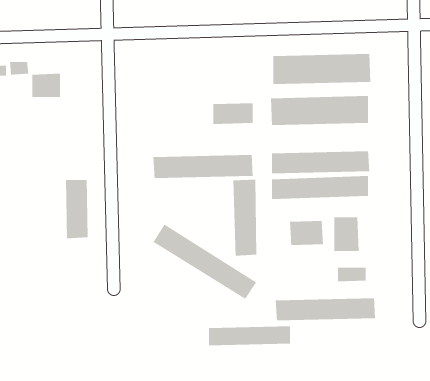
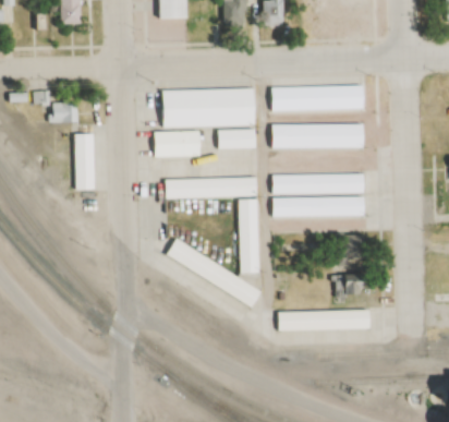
building: none -> [165,87,257,125]
building: none -> [156,130,202,156]
building: [65,179,89,239] -> [75,135,97,191]
building: [289,220,324,246] -> none
building: [208,326,291,346] -> none

